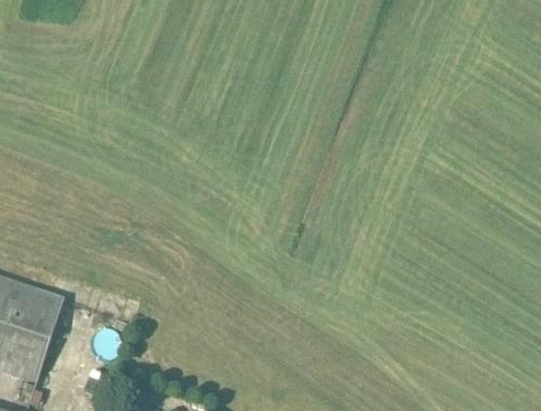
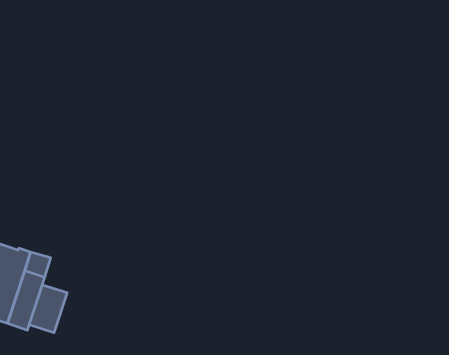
building: none -> [29,285,67,333]

